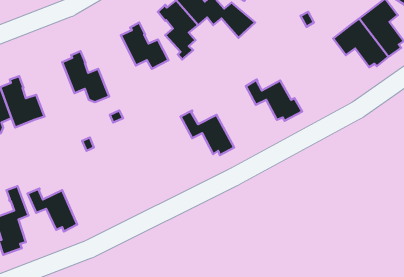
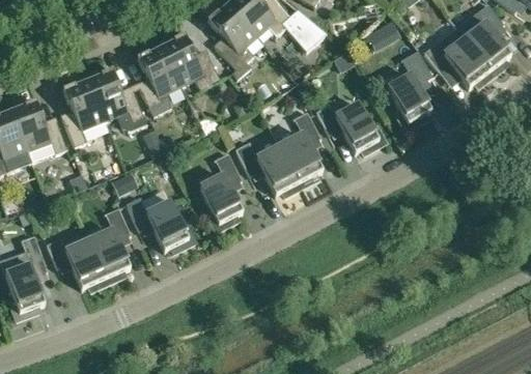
building: none -> [136,46,179,111]
building: none -> [387,48,431,128]
building: none -> [61,79,107,143]
building: none -> [279,109,322,184]
building: none -> [198,150,242,228]
building: none -> [124,185,195,250]
building: none -> [88,205,130,280]

